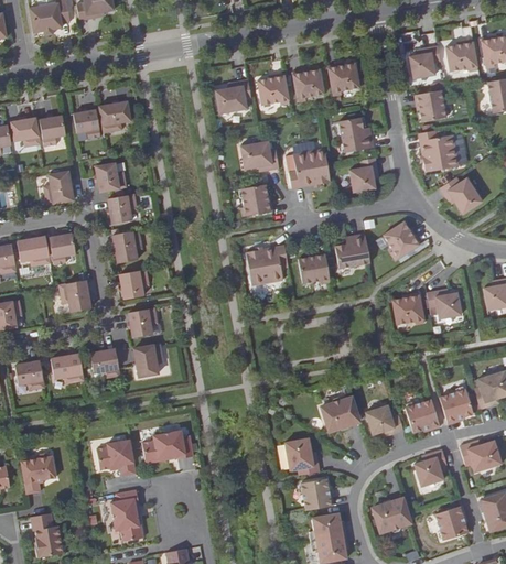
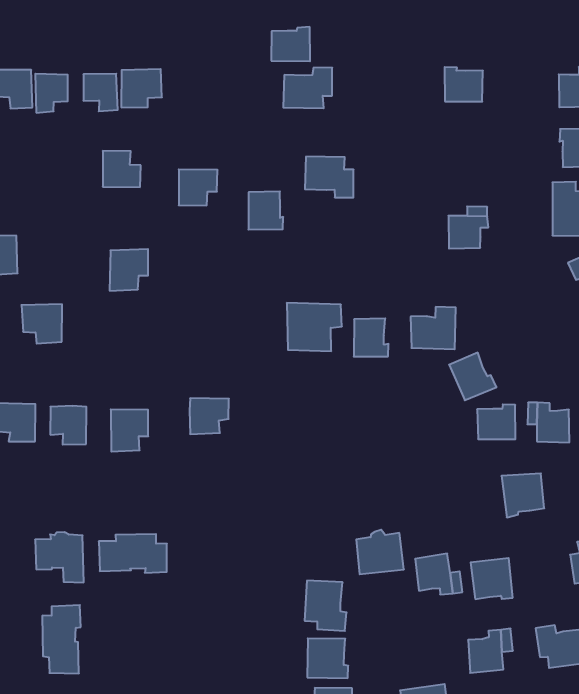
building: [292,68,323,95] -> none
building: [258,72,289,100] -> [271,27,310,61]
building: [338,117,374,152] -> none
building: [288,148,330,188] -> none
building: [42,173,73,204] -> none
building: [240,184,269,215] -> [248,191,283,230]
building: [108,193,138,223] -> [179,169,218,205]
building: [385,220,421,256] -> [449,353,497,400]
building: [49,234,75,264] -> none
building: [120,269,150,299] -> none
building: [129,307,159,337] -> [190,398,229,434]
building: [441,393,475,429] -> [501,473,544,517]

